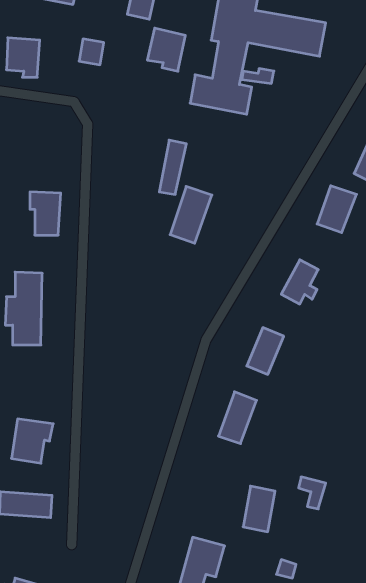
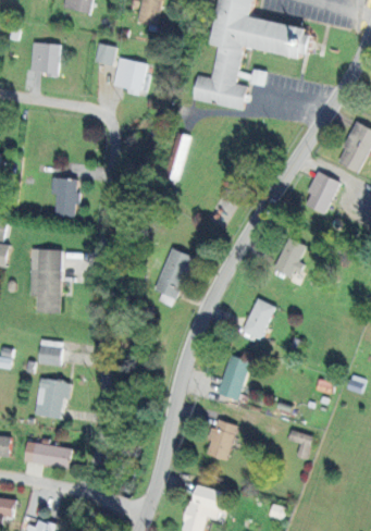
building: [147,28,185,71] -> [113,58,147,96]
building: [170,186,212,243] -> [157,249,194,299]
building: none -> [38,339,63,367]
building: [243,486,275,532] -> [208,419,236,459]

